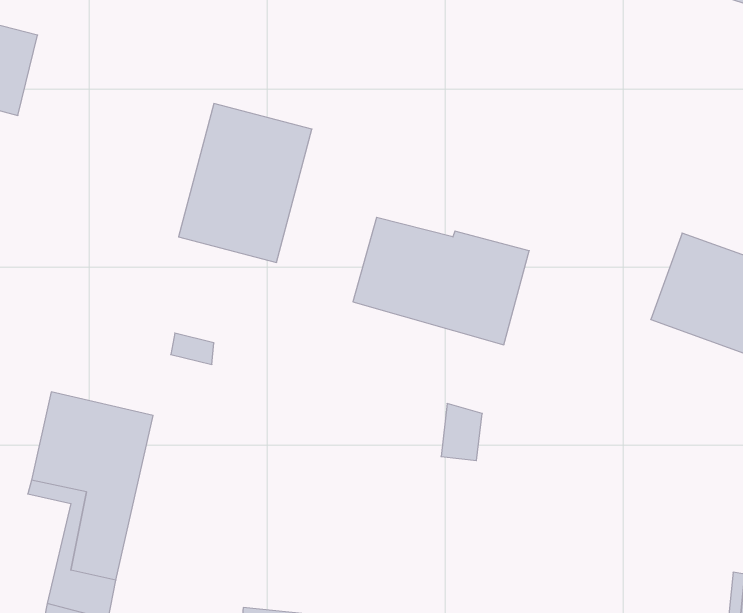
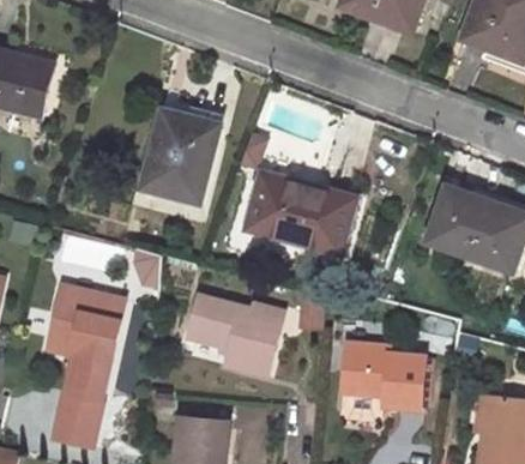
building: none -> [187,295,284,376]
building: none -> [340,343,424,412]

